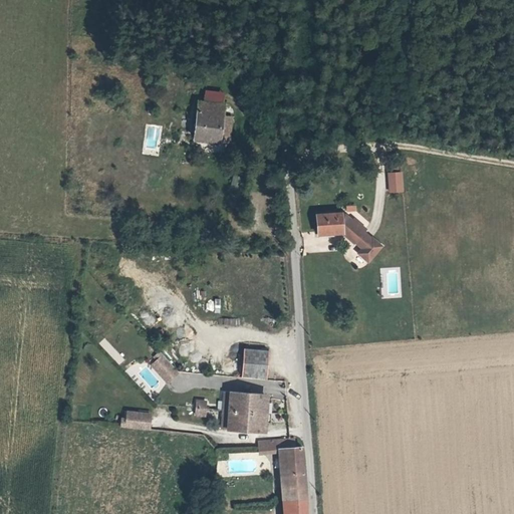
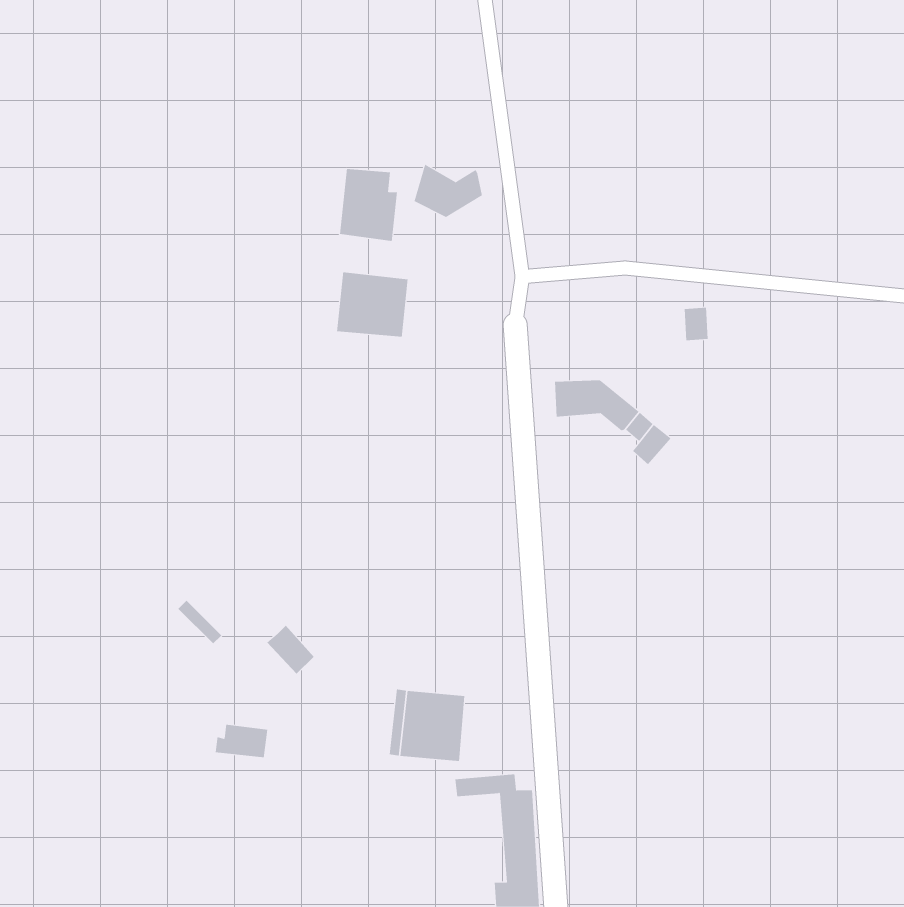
building: none -> [414,164,483,218]
building: none -> [336,271,408,337]
building: [240,346,270,378] -> none

